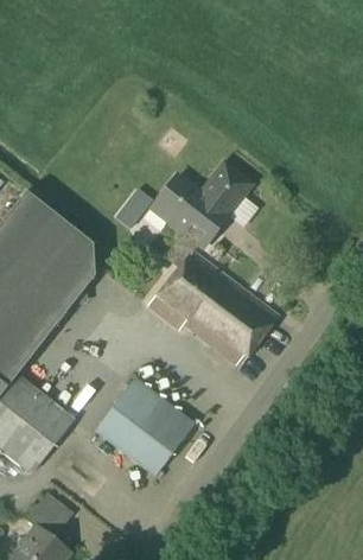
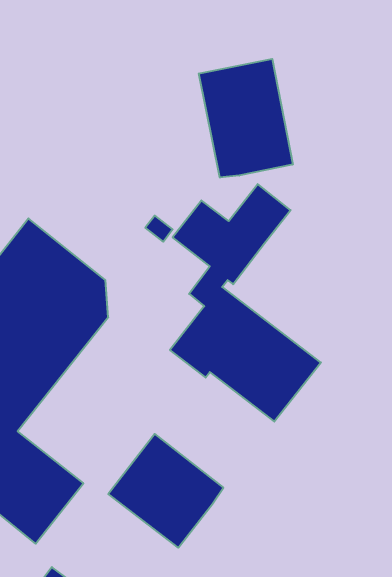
building: none -> [199,59,293,178]

